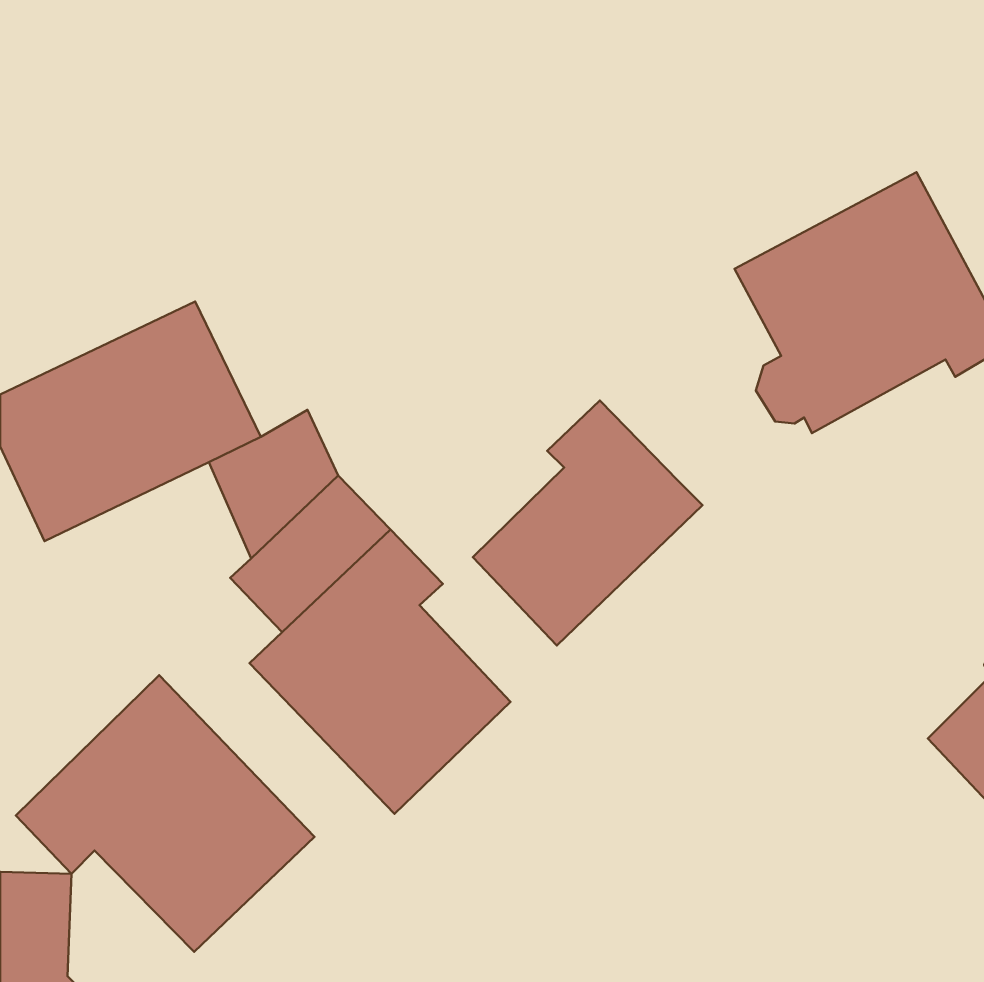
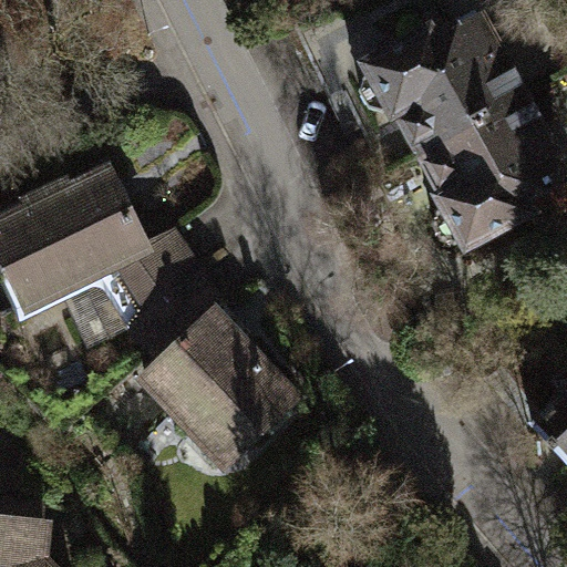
building: none -> [362,23,527,157]
building: [473,401,703,645] -> none
building: [16,675,315,952] -> none

